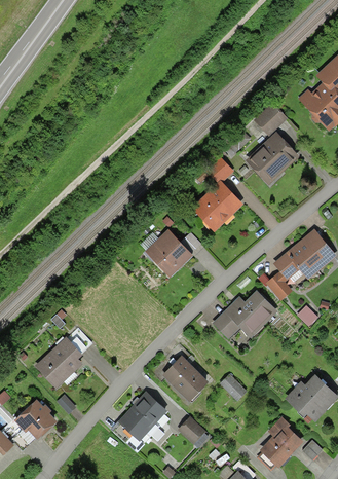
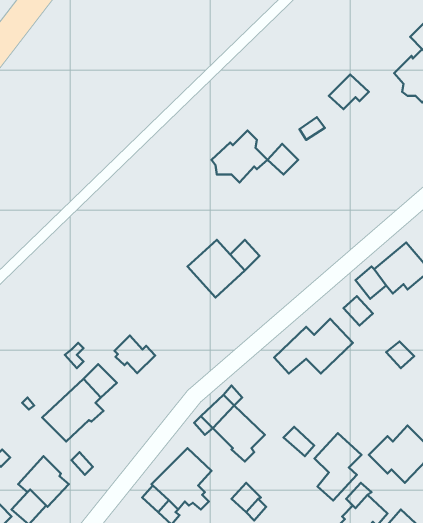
building: [250,137,296,181] -> none
building: [196,183,239,223] -> [212,130,268,183]
building: none -> [114,336,155,373]
building: none -> [314,433,361,500]

